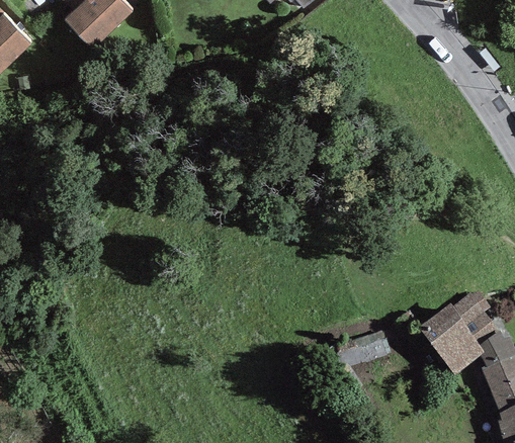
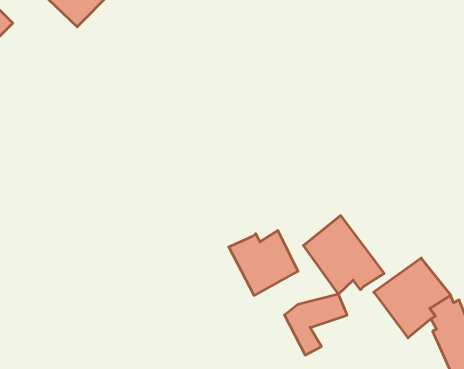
building: none -> [303,216,384,294]
building: none -> [229,230,298,295]

